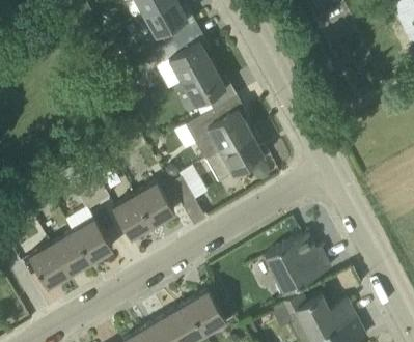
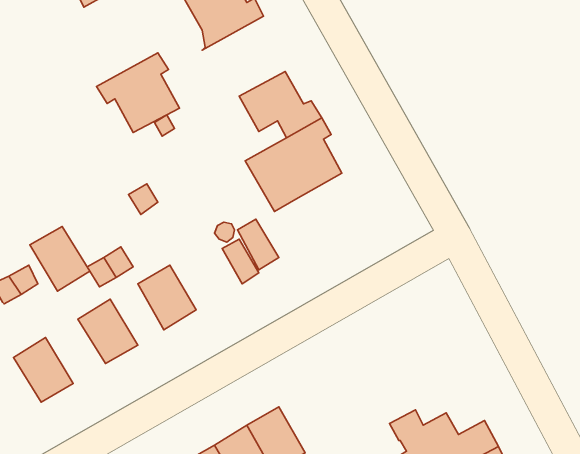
building: [156,28,212,82] -> [96,53,179,133]
building: [204,134,269,182] -> none
building: [134,182,174,226] -> none
building: [50,232,90,276] -> [30,227,90,291]
building: [264,234,330,292] -> none

